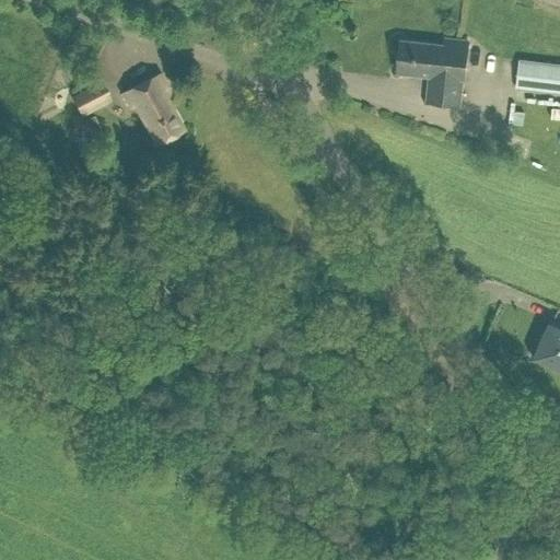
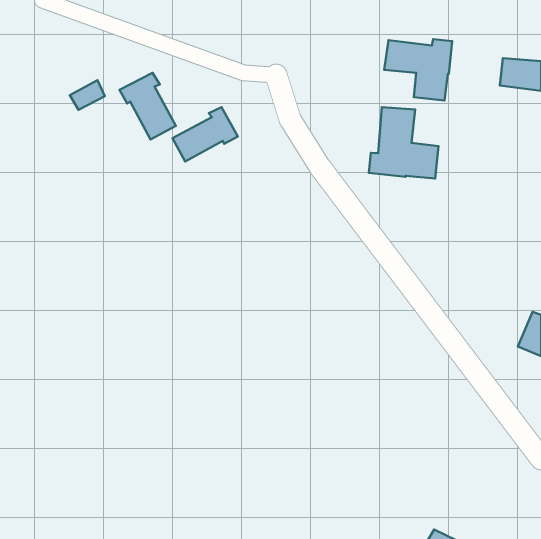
building: none -> [369,107,438,178]
building: none -> [173,107,238,161]

